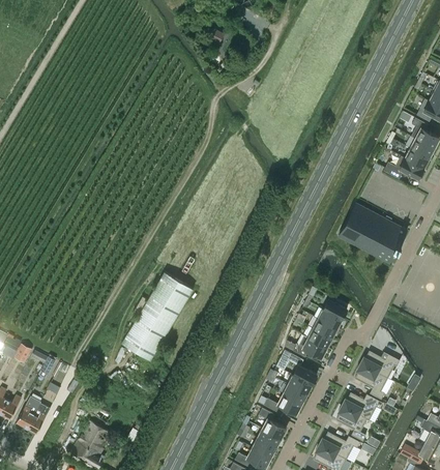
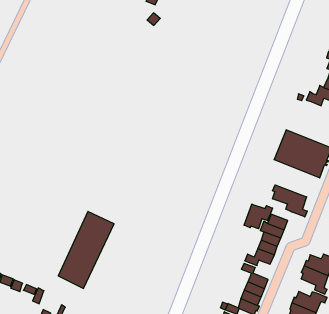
building: none -> [273,185,307,217]
building: [122,271,194,360] -> [58,211,114,288]
building: none -> [244,204,273,229]

